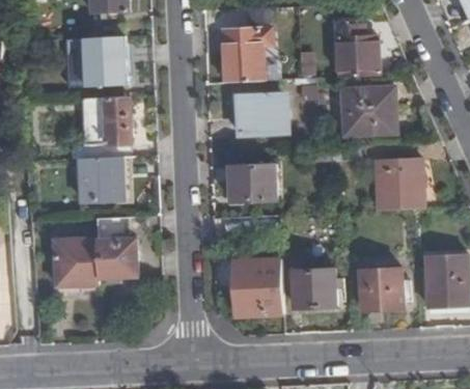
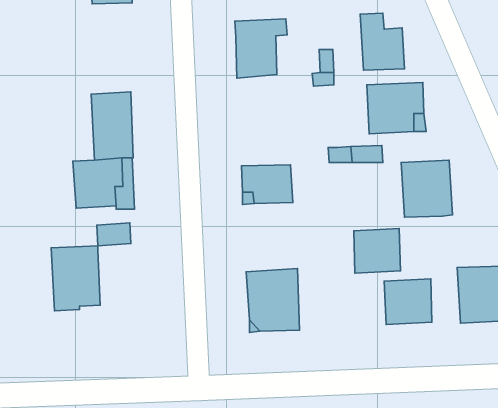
building: [65,35,127,88] -> none
building: [229,94,282,135] -> none
building: [99,238,138,289] -> none
building: [294,267,336,307] -> [354,229,400,273]

